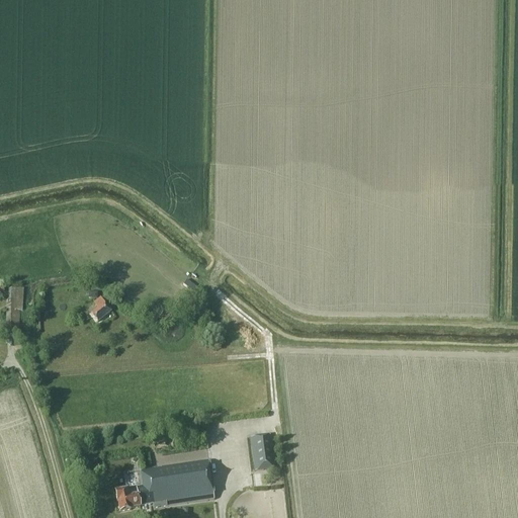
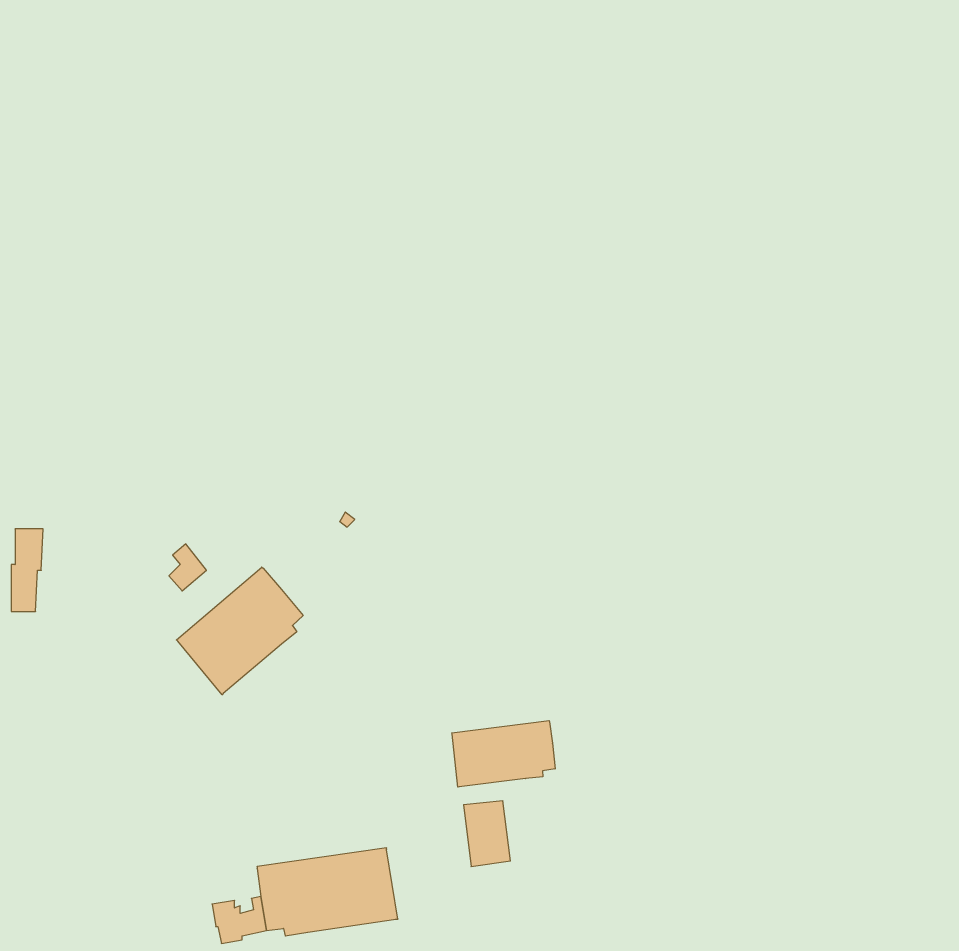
building: none -> [176,567,303,695]
building: none -> [452,721,555,787]

